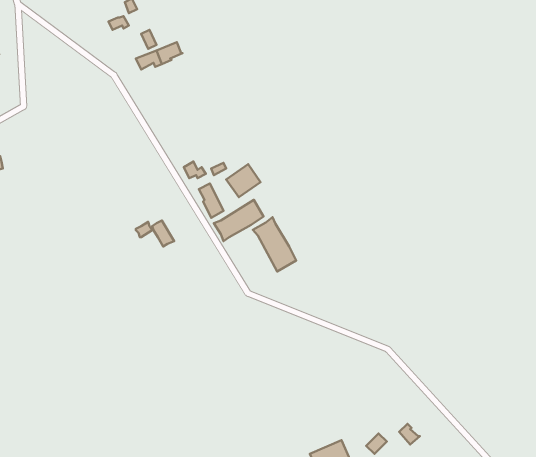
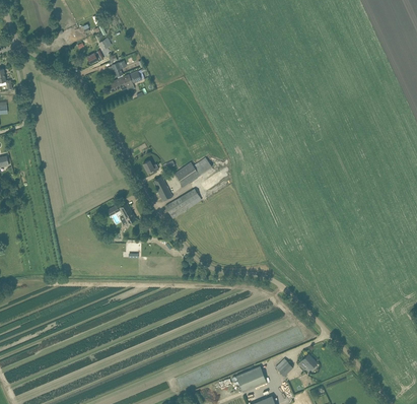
building: [253,217,296,272] -> none

